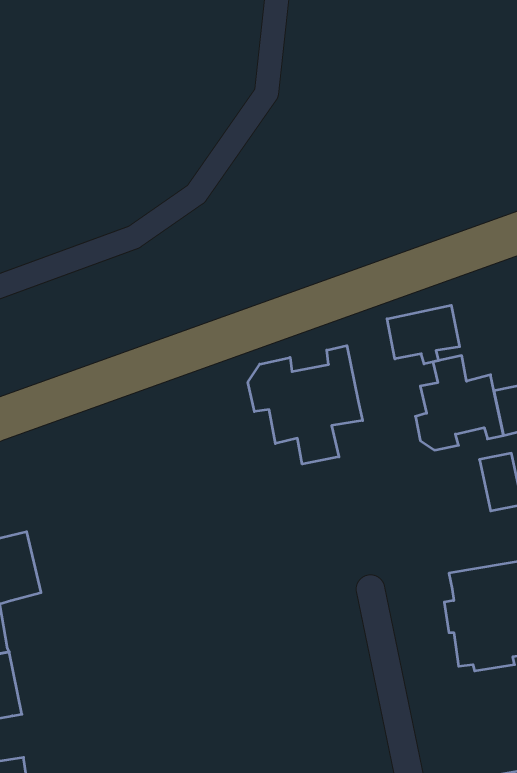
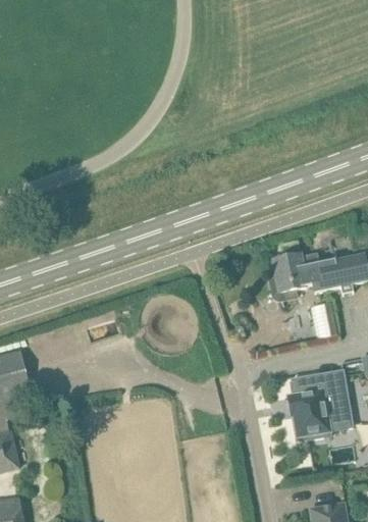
building: [387,305,460,364] -> none
building: [248,346,363,464] -> none

